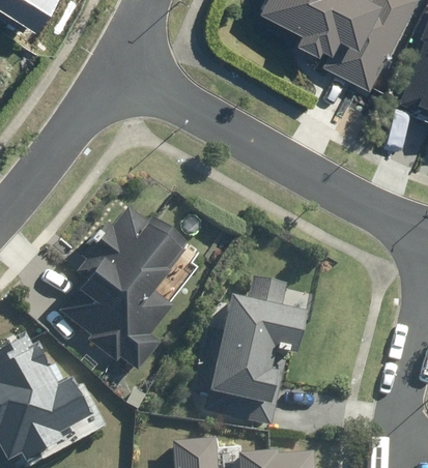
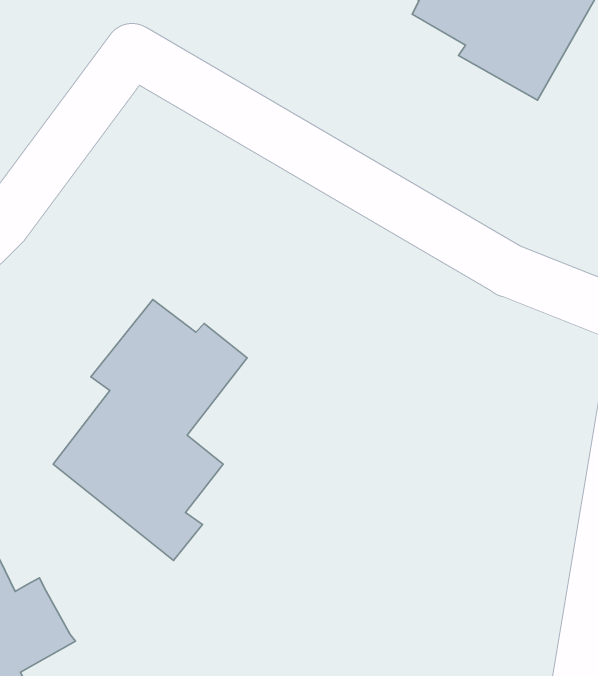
building: [207,273,307,407] -> none

